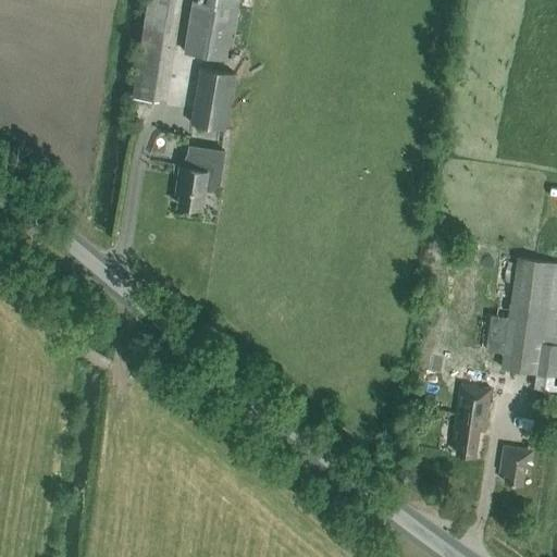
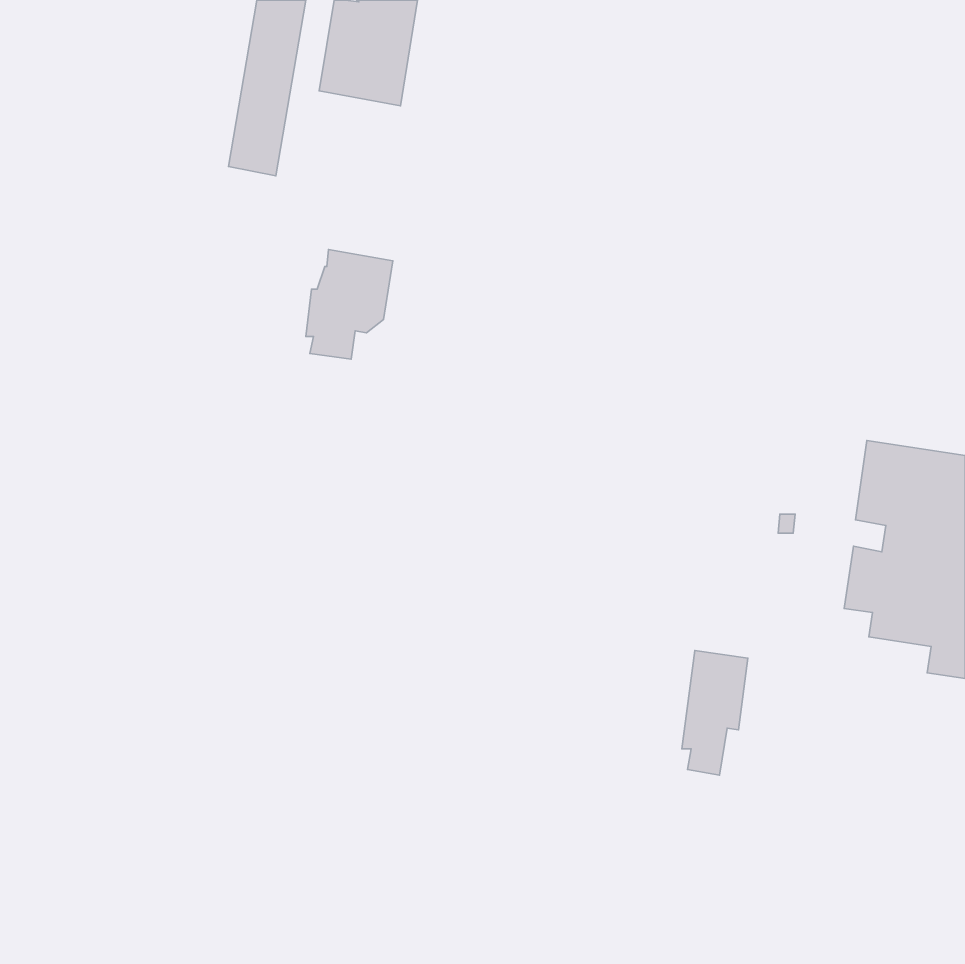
building: [191,69,232,129] -> none
building: [453,385,491,457] -> [682,651,748,775]
building: [500,446,534,485] -> none

